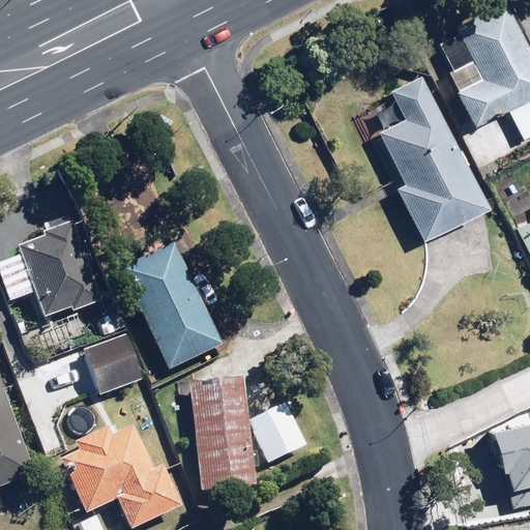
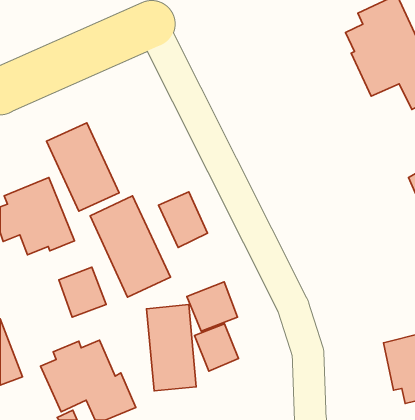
building: [378,73,484,236] -> none
building: none -> [47,123,119,211]
building: none -> [159,192,208,247]
building: none -> [187,282,237,331]

